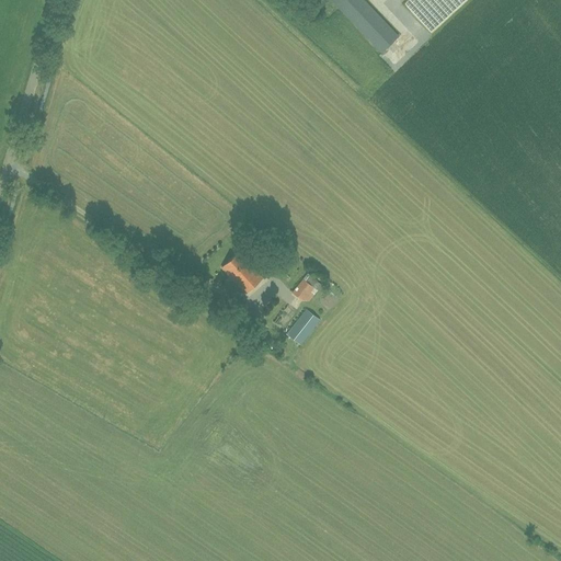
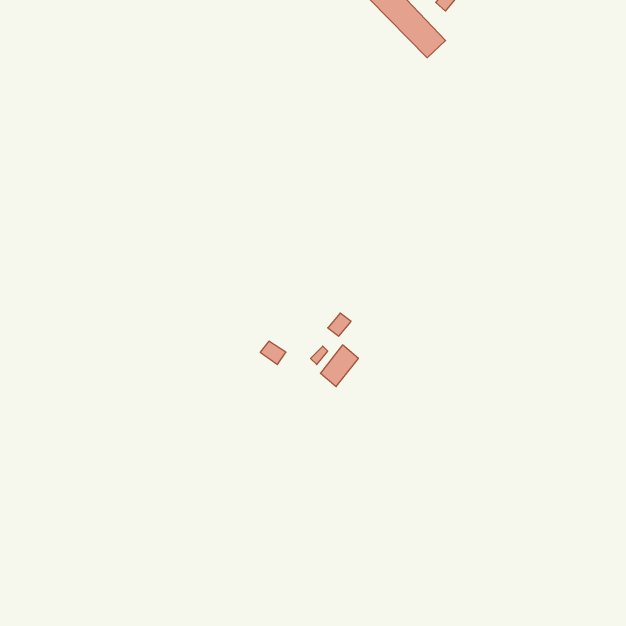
building: [221,251,263,293] -> none

